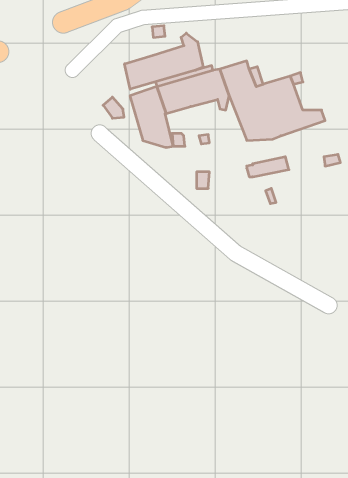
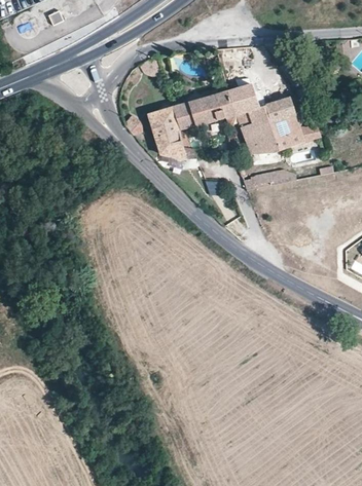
building: [125,33,203,89] -> none

